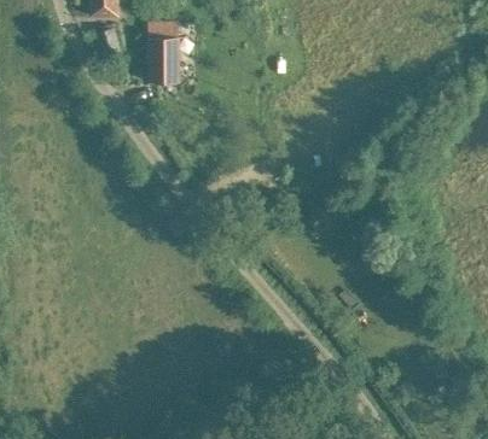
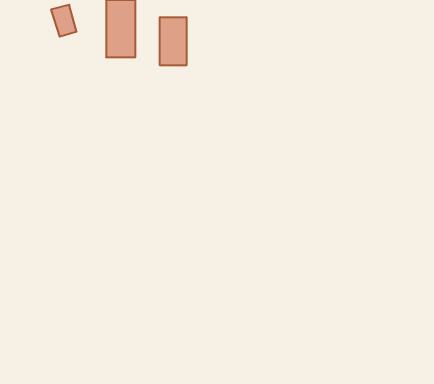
building: none -> [160,17,186,65]

